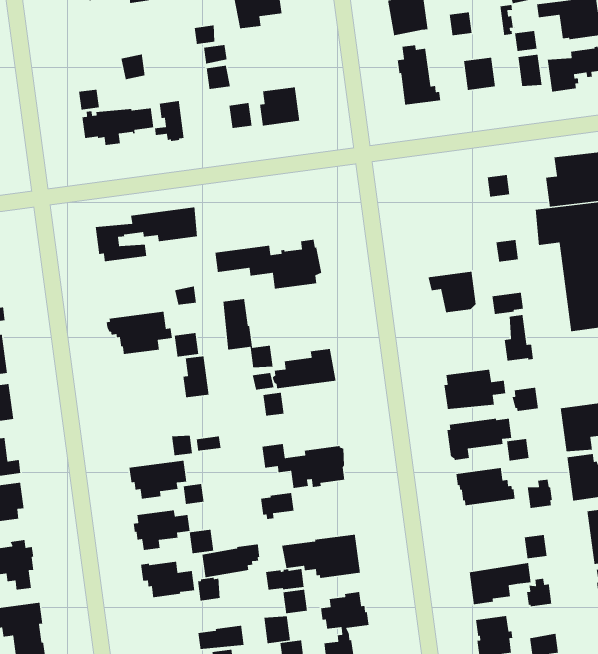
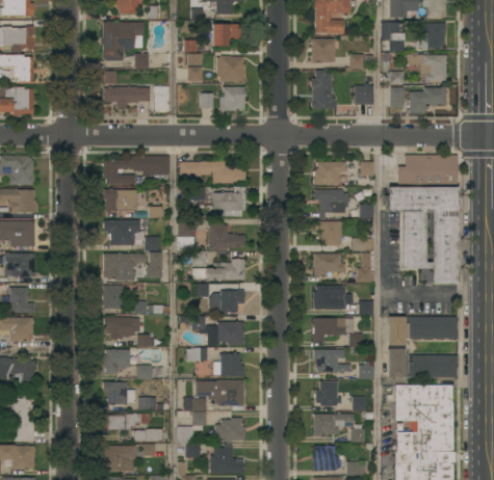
building: none -> [100,22,144,61]
building: none -> [216,56,244,82]
building: none -> [314,162,347,185]
building: none -> [180,162,244,185]
building: none -> [314,190,350,219]
building: none -> [102,189,136,212]
building: none -> [209,224,244,249]
building: none -> [313,254,345,276]
building: none -> [104,254,145,282]
building: none -> [219,291,244,313]
building: none -> [104,286,122,309]
building: none -> [213,352,244,377]
building: none -> [314,381,341,406]
building: [202,543,260,578] -> [103,414,140,431]

